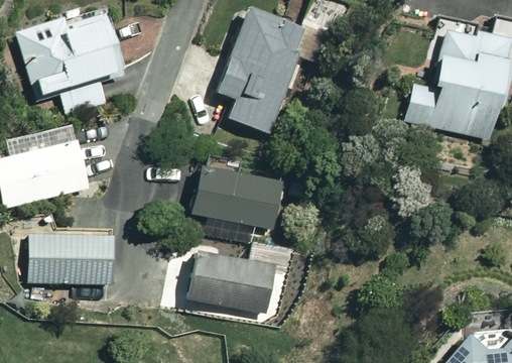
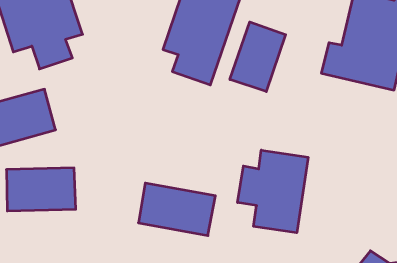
building: none -> [230,22,286,92]
building: [190,168,285,244] -> none
building: none -> [238,150,308,233]

